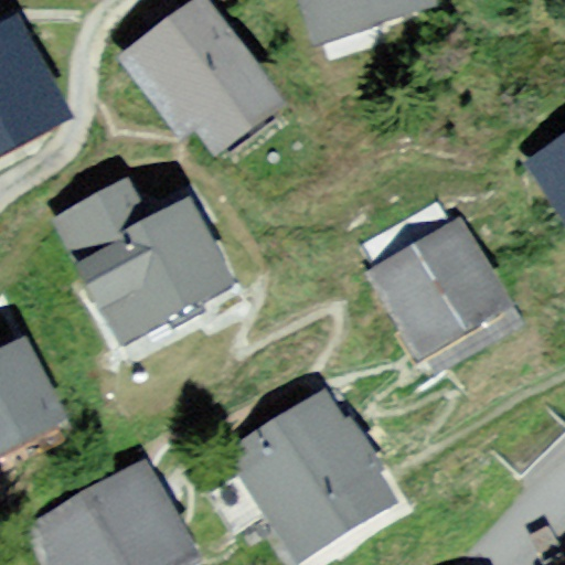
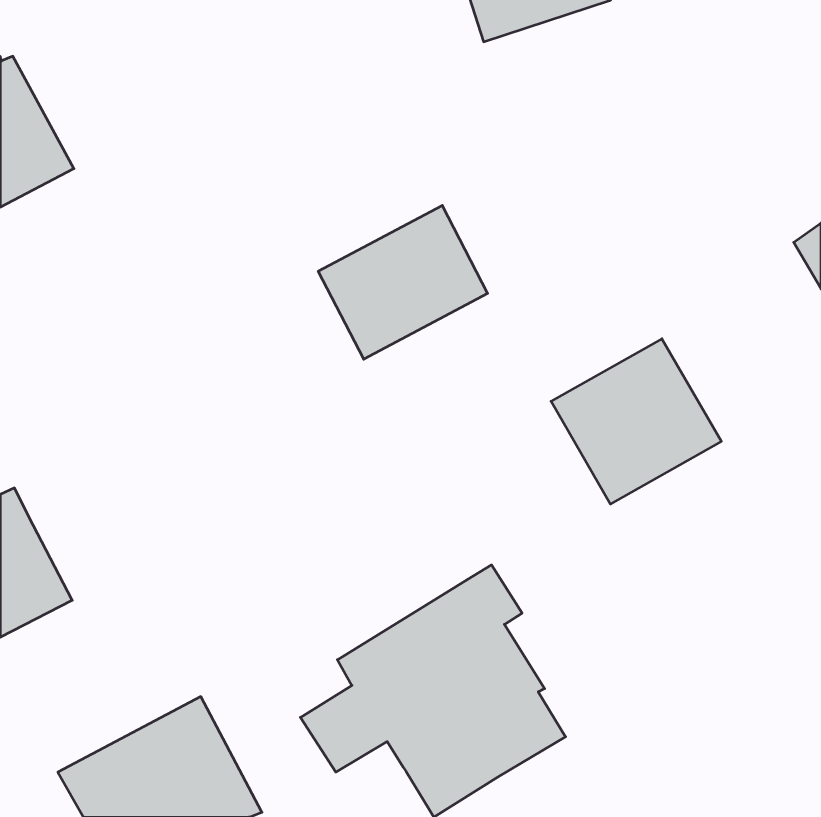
building: [131,17,267,142] -> none
building: none -> [318,205,488,359]
building: [68,186,217,332] -> none

